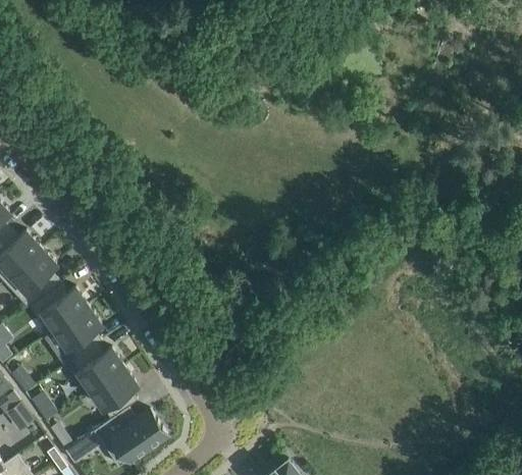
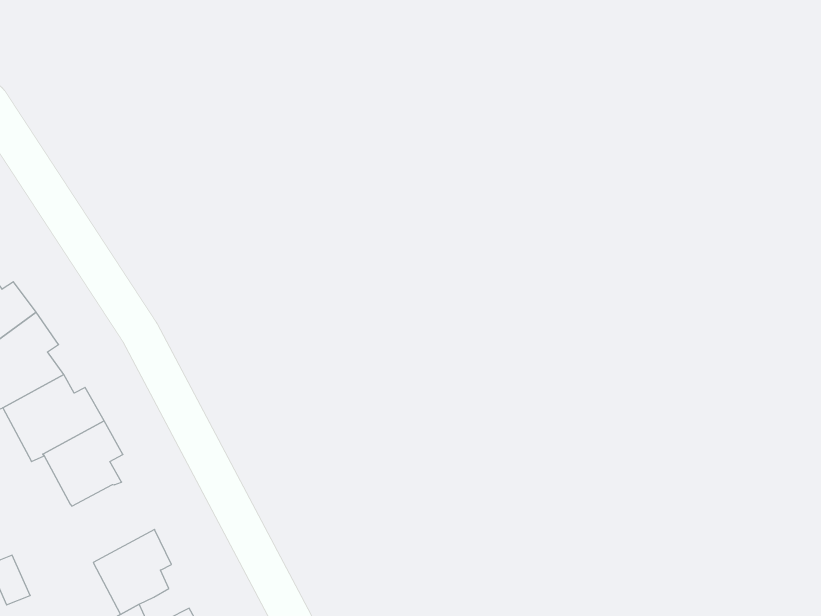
building: [70,345,125,391] -> none

